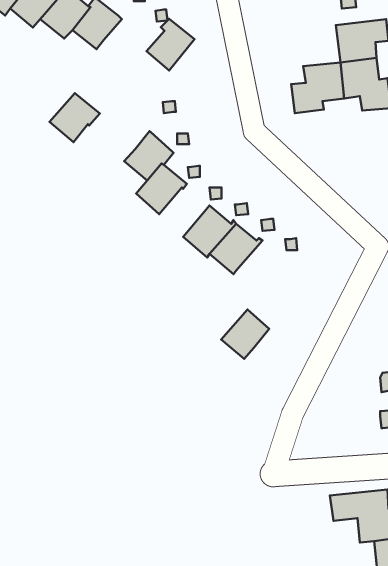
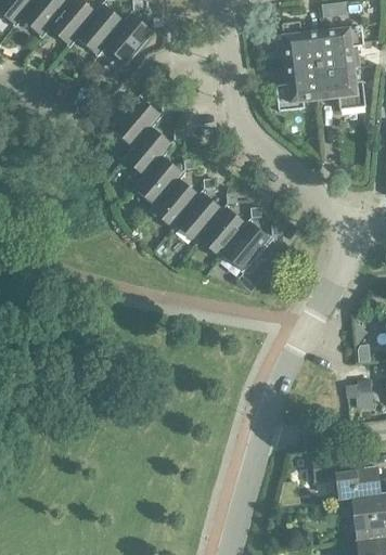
building: none -> [282,22,321,69]
building: [146,19,194,70] -> [107,16,151,63]
building: [50,93,100,142] -> [114,100,159,144]
building: none -> [154,179,203,227]
building: [221,309,269,359] -> [227,227,270,271]

